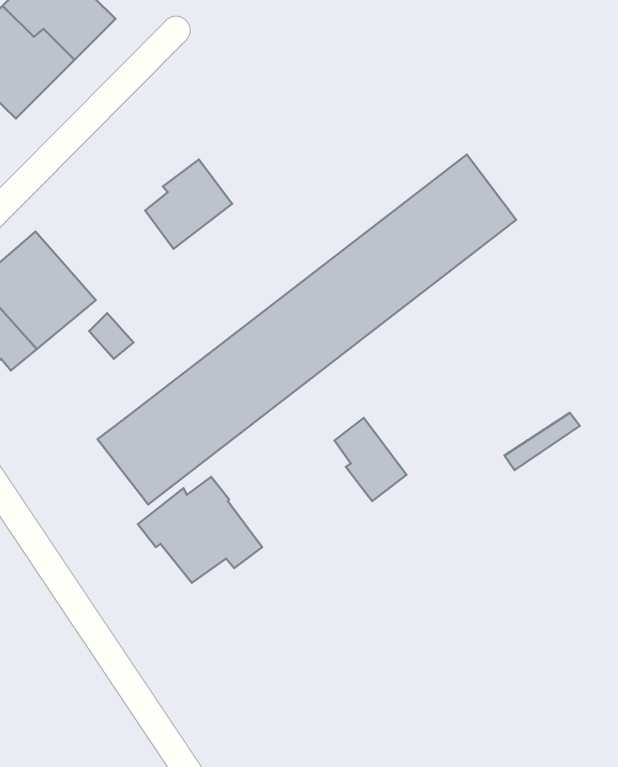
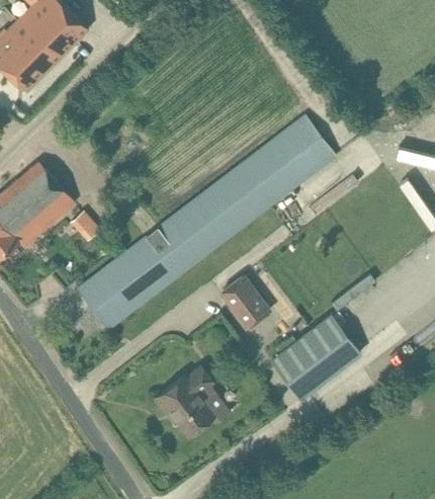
building: [145,160,232,249] -> none
building: [138,477,262,583] -> [154,368,231,434]
building: none -> [269,314,361,401]

